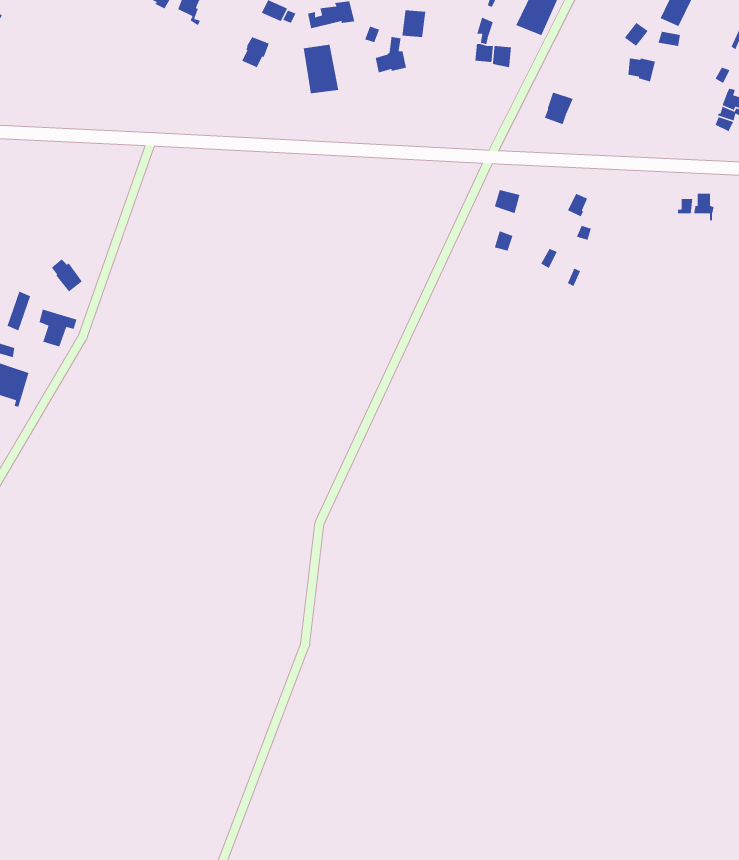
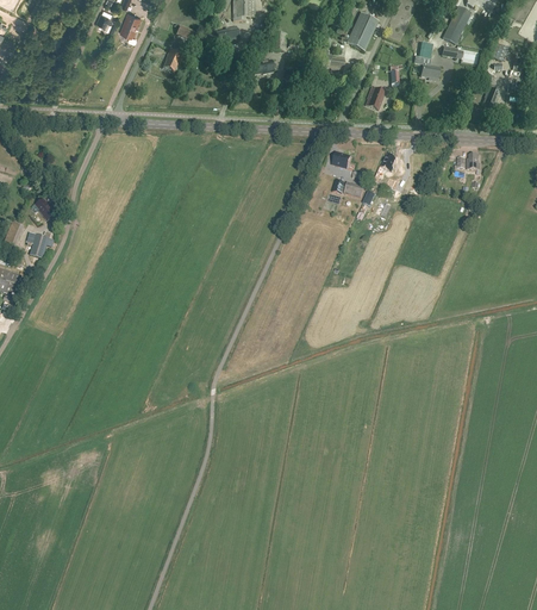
building: [303,44,339,94] -> none

